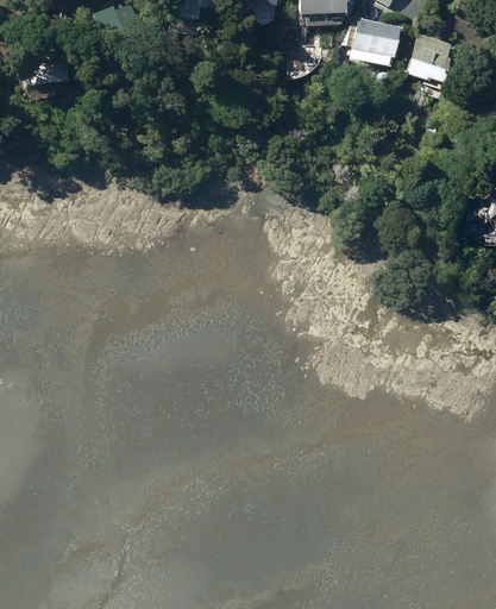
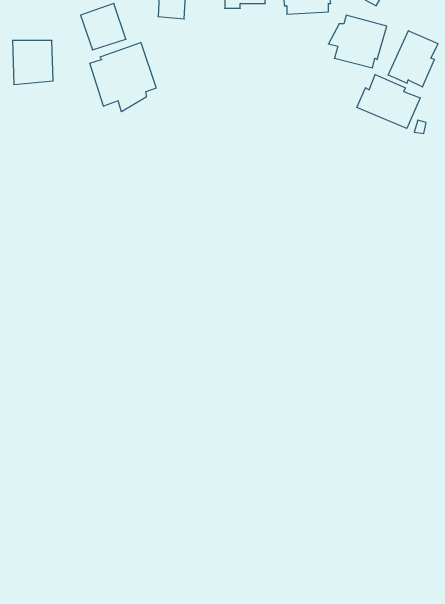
building: none -> [90,42,156,112]
building: none -> [357,74,420,128]

